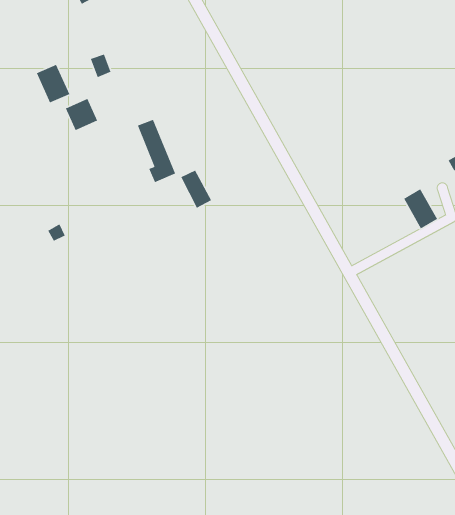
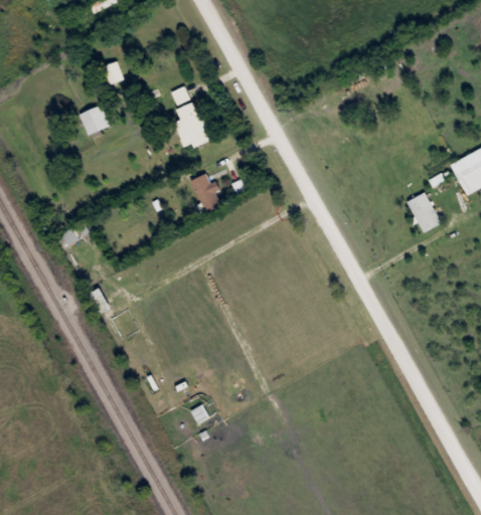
building: [36,64,70,103] -> none
building: [137,119,176,183] -> [170,87,208,149]

